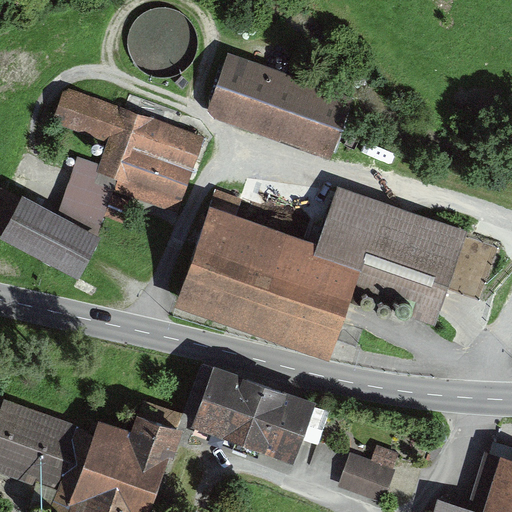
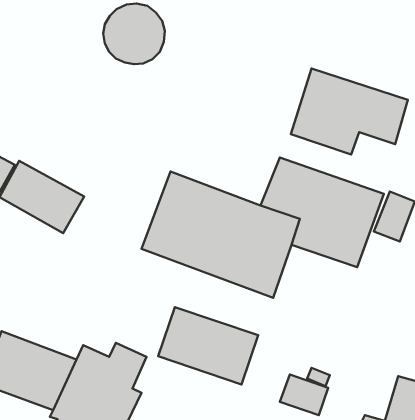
building: [207,57,351,156] -> none
building: none -> [291,68,408,155]
building: [53,88,203,225] -> none

